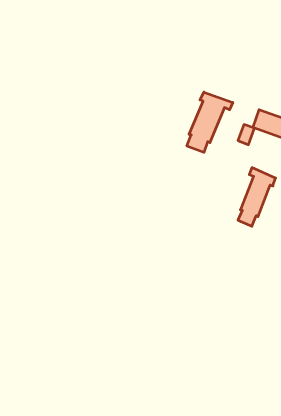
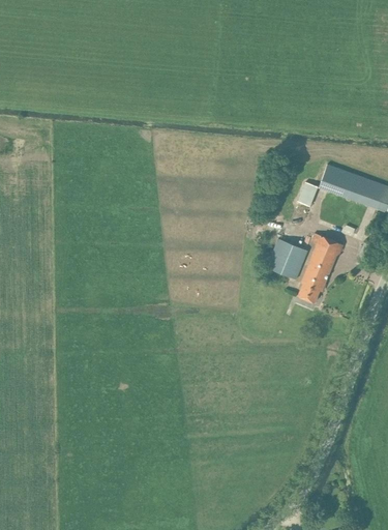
building: [187,92,233,152] -> none
building: none -> [267,238,308,279]

